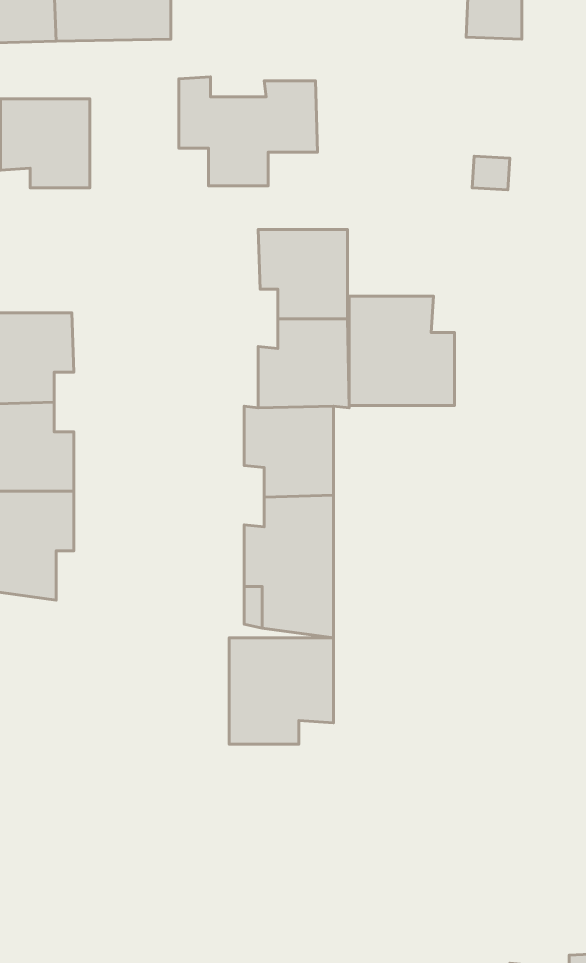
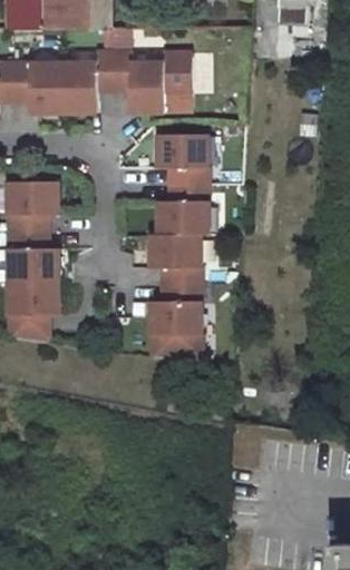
building: none -> [65,50,115,111]
building: [349,296,454,406] -> none
building: [229,638,333,744] -> none

